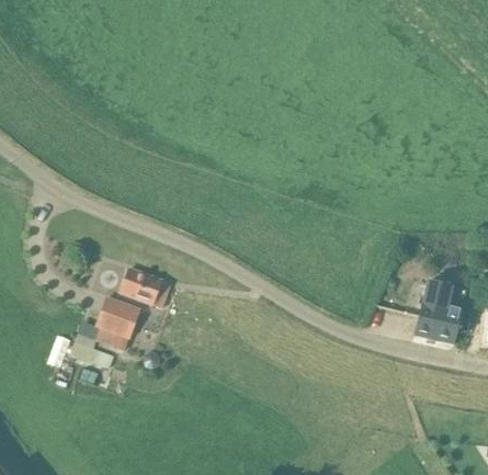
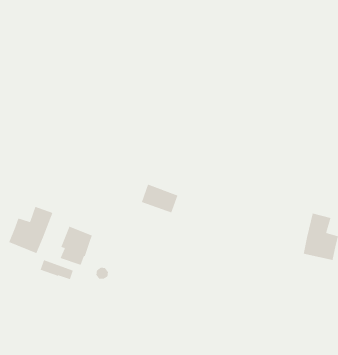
building: [122,268,171,307] -> [141,183,179,213]
building: none -> [8,206,54,254]

